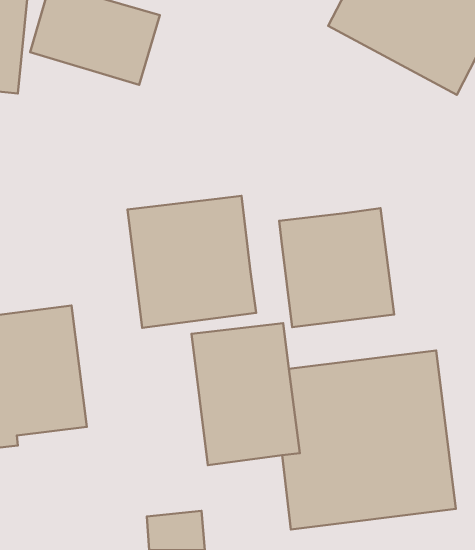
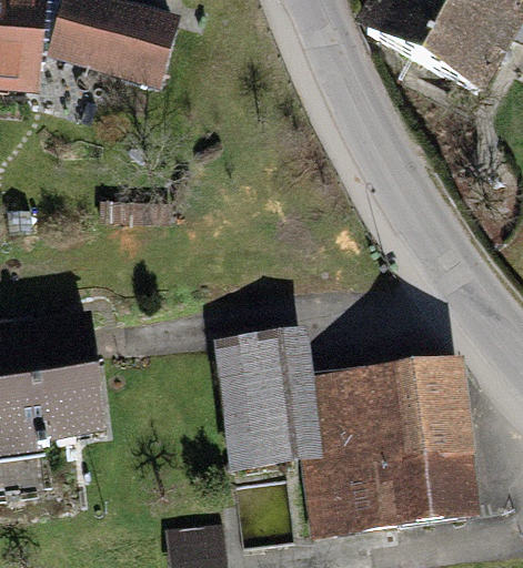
building: [128,196,256,328] -> none
building: [279,208,394,327] -> none

